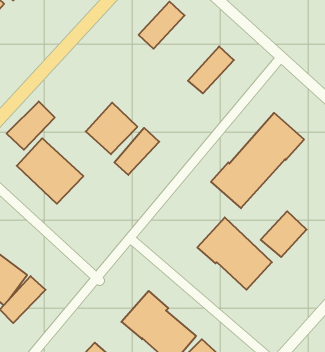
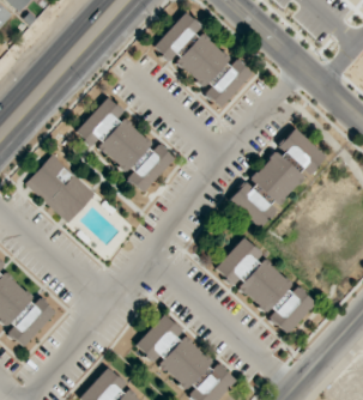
building: none -> [175,32,229,86]
building: [7,101,55,150] -> [74,97,125,147]
building: [261,211,307,257] -> [265,286,313,334]

